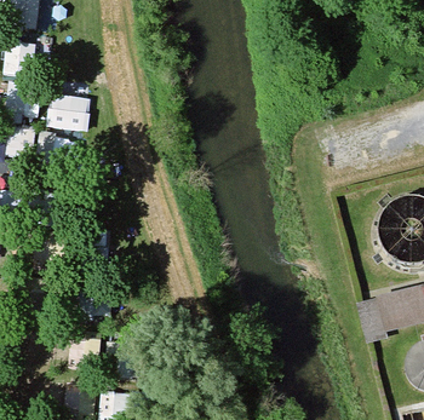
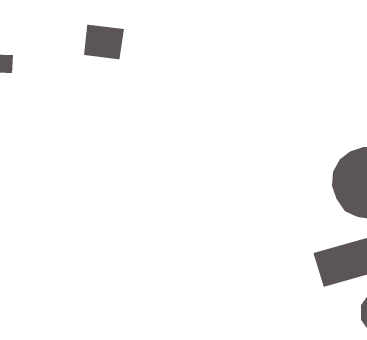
building: [48,90,92,127] -> [83,24,125,60]

